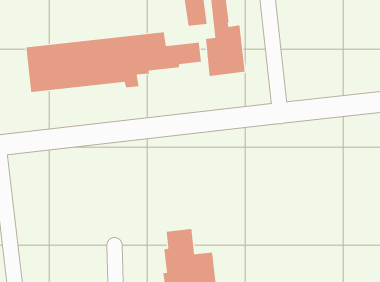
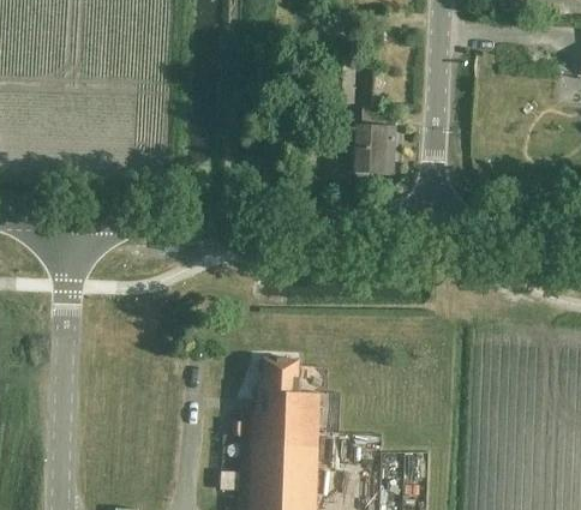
building: [26,32,201,93] -> none

